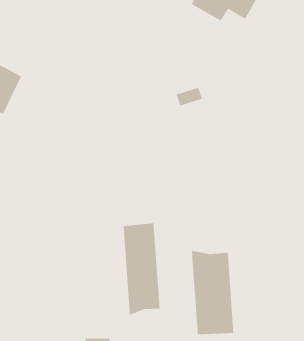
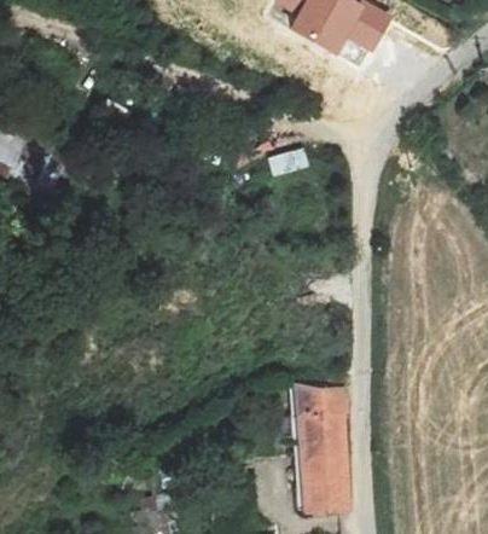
building: [123,222,160,316] -> none

